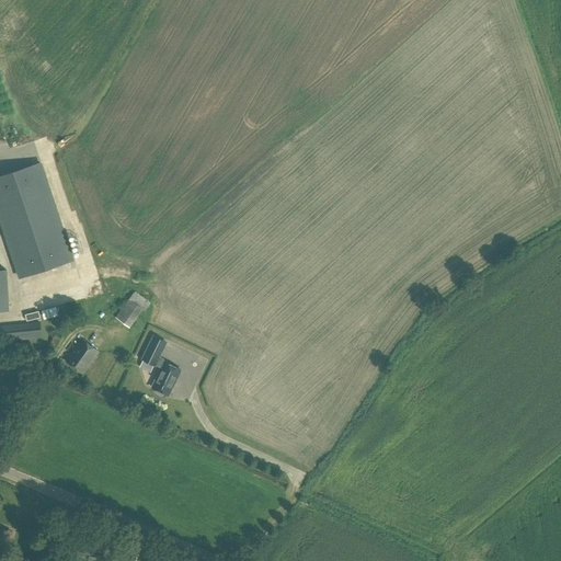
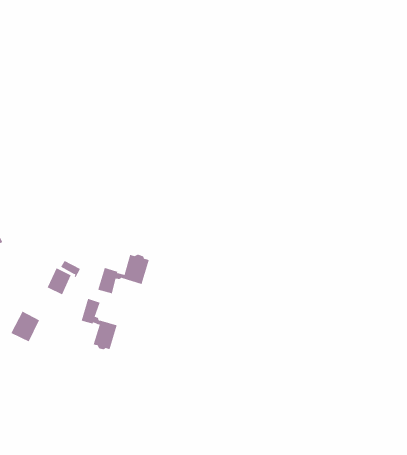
building: none -> [98,254,149,294]

